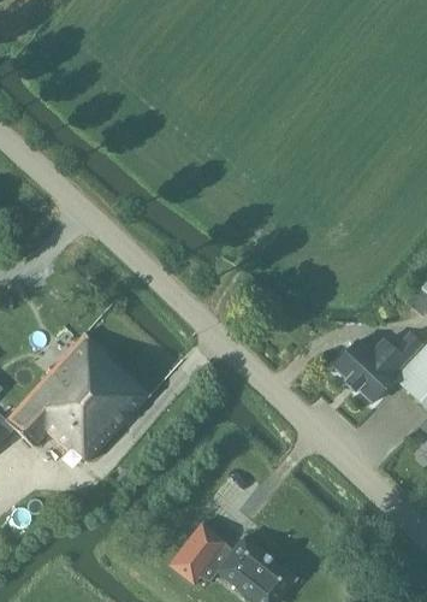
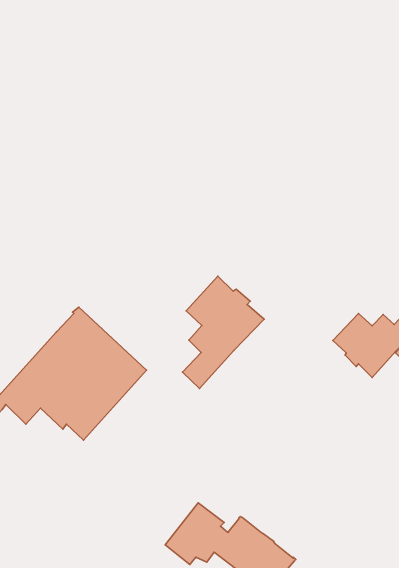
building: none -> [182,276,264,388]

